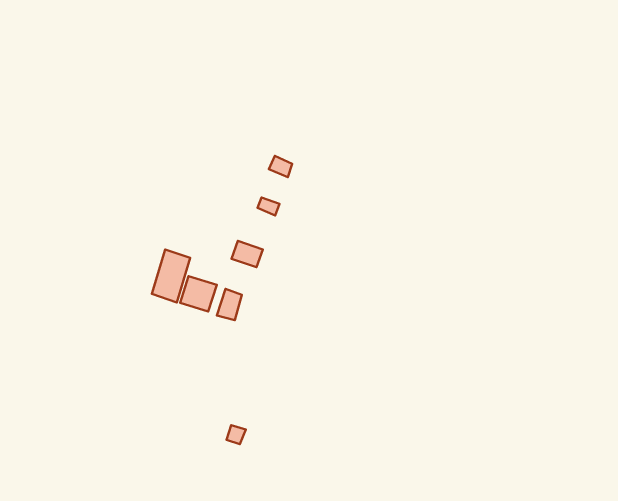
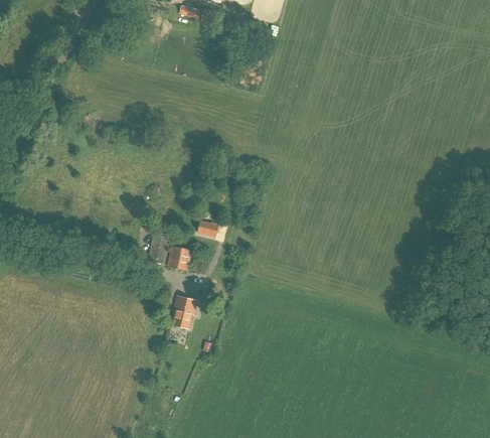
building: none -> [173,296,198,328]

